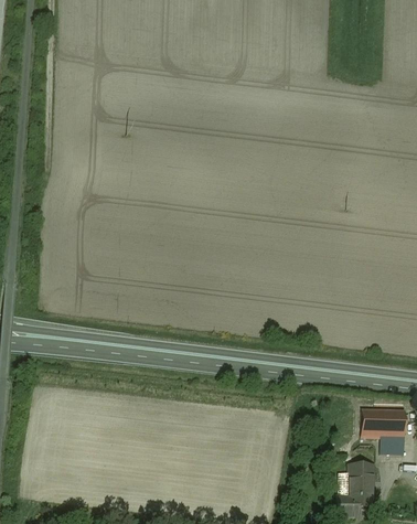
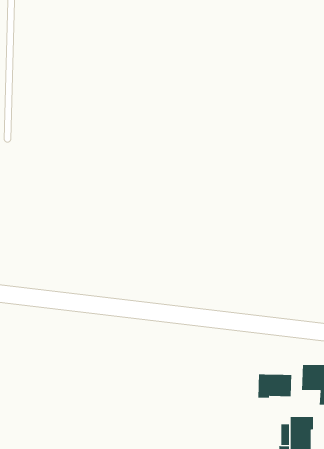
building: none -> [258,374,292,399]

